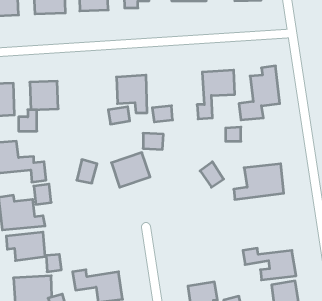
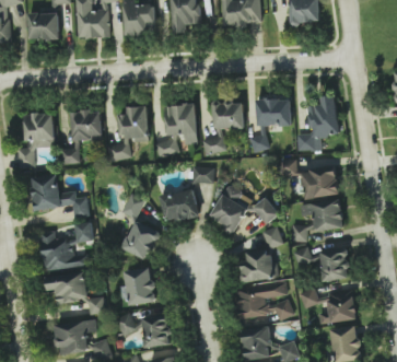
building: none -> [212,102,244,128]
building: none -> [109,106,149,160]
building: none -> [301,167,339,198]
building: none -> [209,186,253,232]
building: none -> [121,220,161,260]
building: none -> [238,227,281,282]
building: none -> [295,248,349,281]
building: none -> [122,268,155,306]
building: none -> [235,283,292,318]

